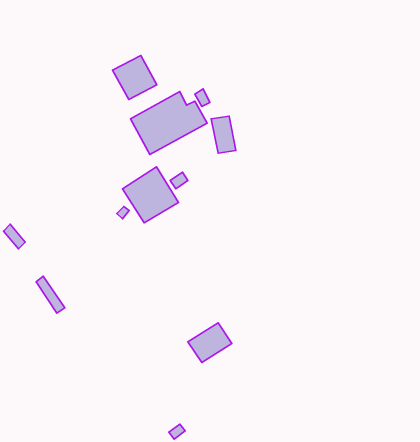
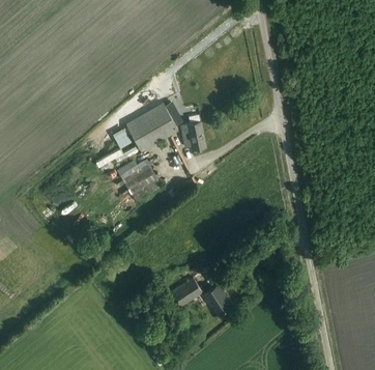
building: [113,55,157,100] -> none
building: none -> [204,284,231,314]

